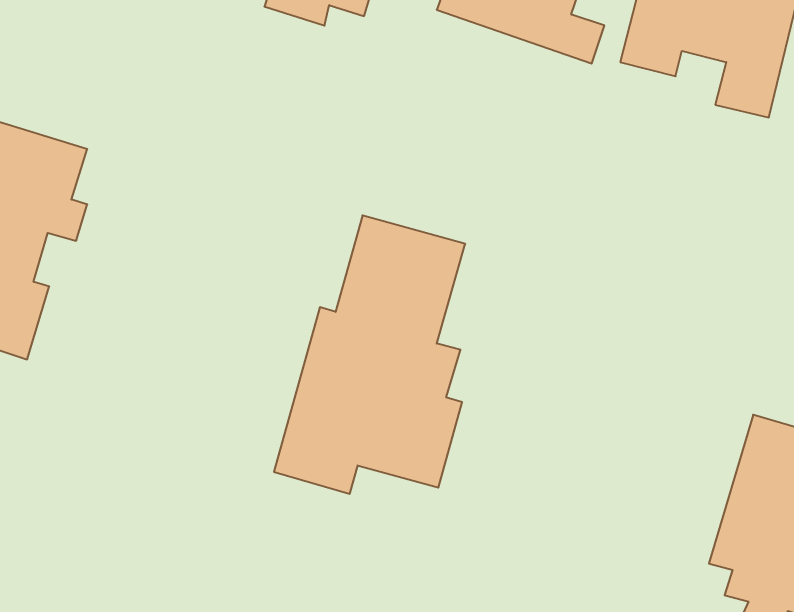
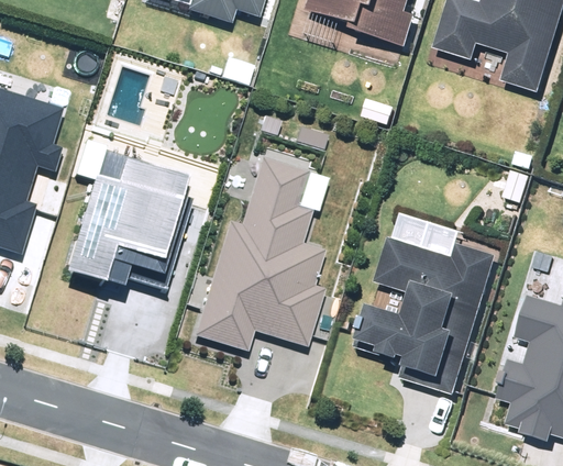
building: none -> [71,149,195,287]
building: none -> [349,236,495,393]

